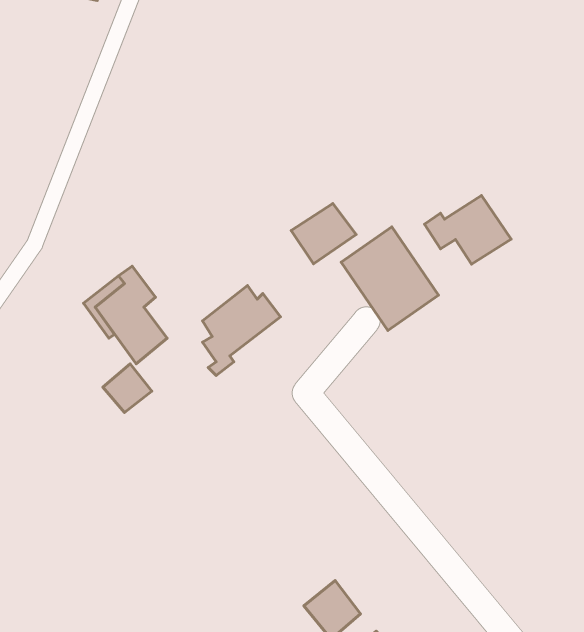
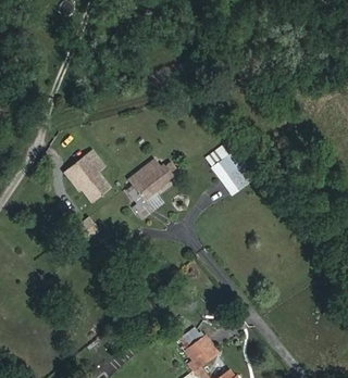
building: [425,196,511,264] -> none
building: [291,203,356,264] -> none

